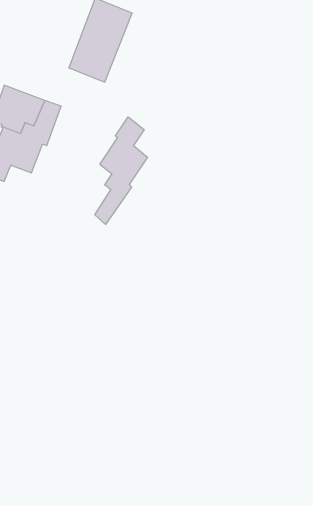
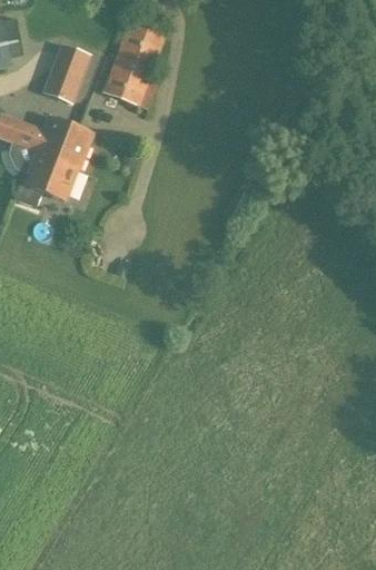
building: none -> [44,43,92,105]
building: [95,117,148,224] -> none

